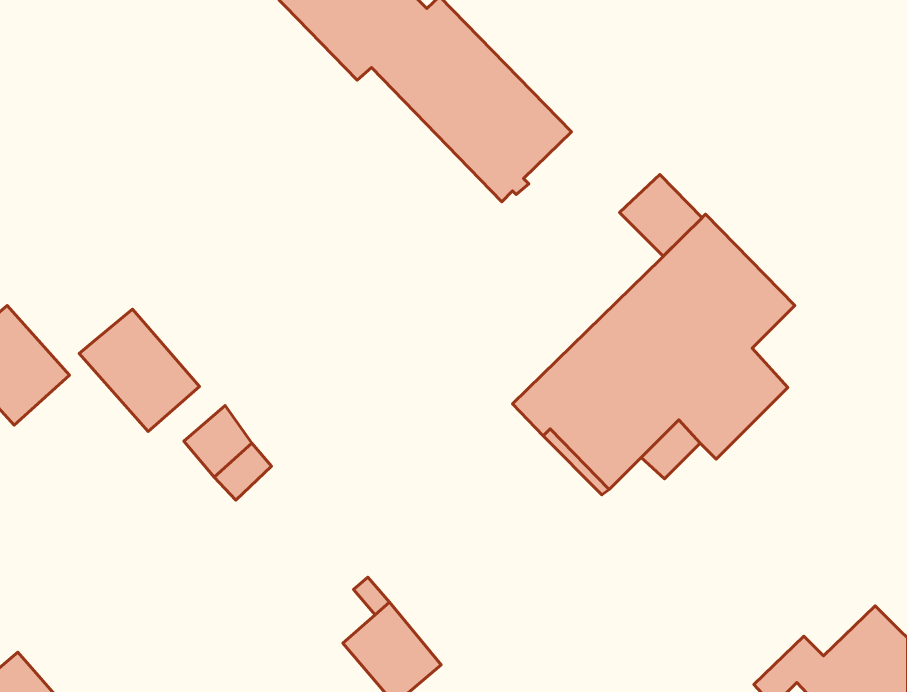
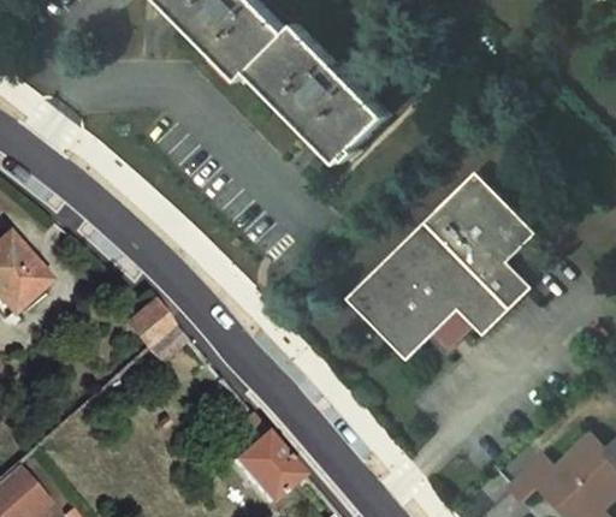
building: [619,174,702,256] -> none
building: [79,309,200,431] -> none

